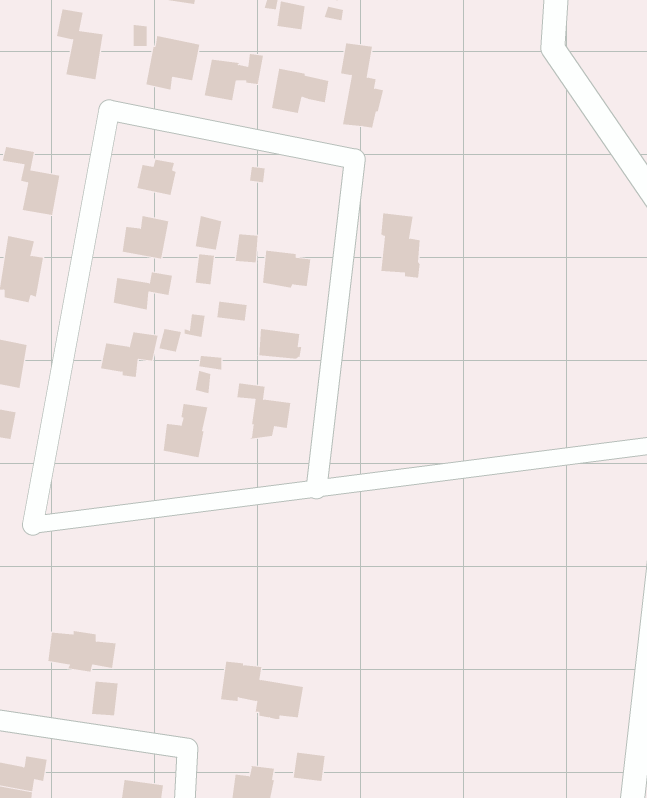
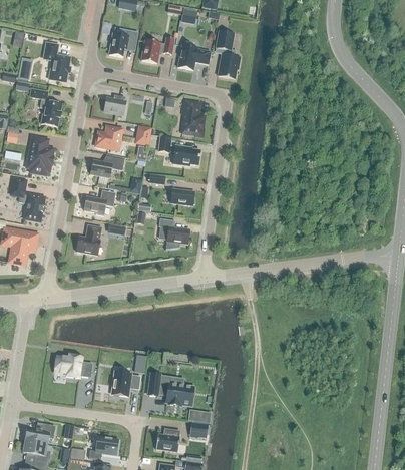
building: [56,9,104,80] -> [43,42,69,81]
building: [381,213,421,278] -> [181,100,204,136]
building: [163,403,208,458] -> [76,224,101,255]
building: none -> [111,371,139,396]

